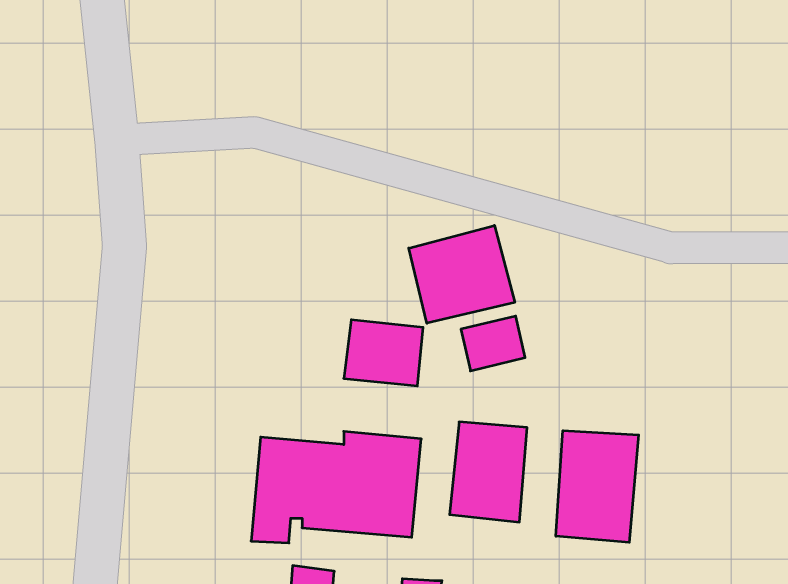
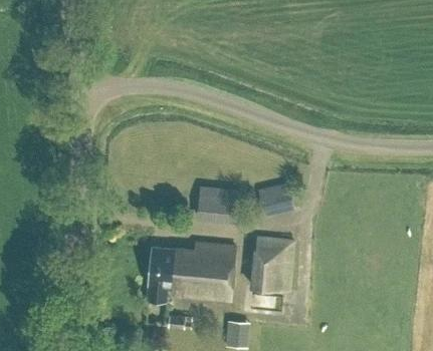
building: [409,225,515,323] -> none
building: [556,431,639,542] -> none

